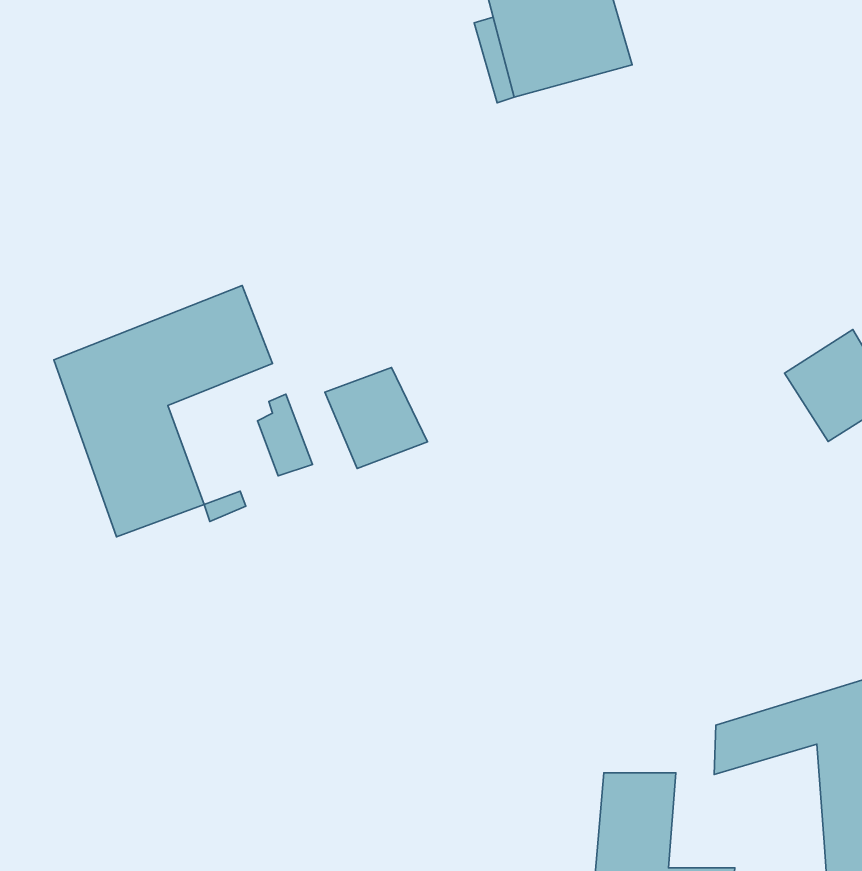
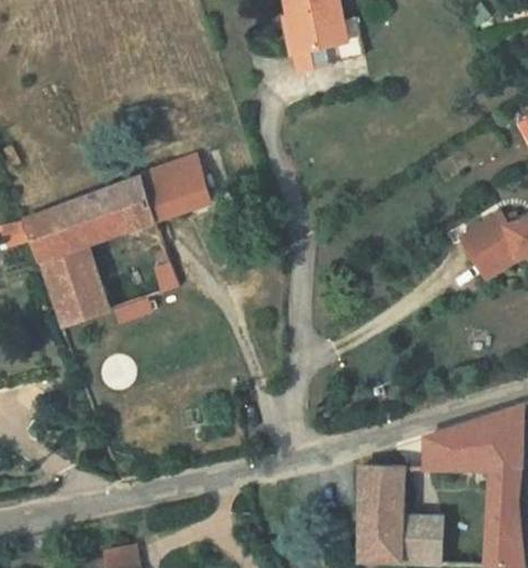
building: [325,368,428,468] -> [158,161,217,220]

